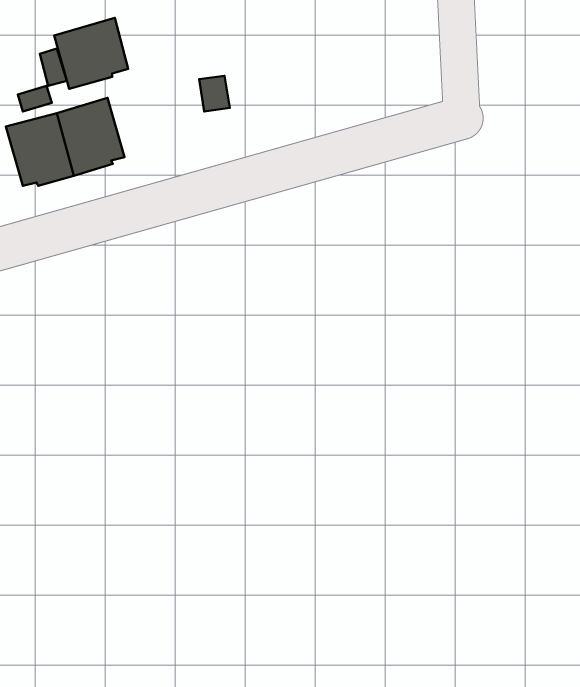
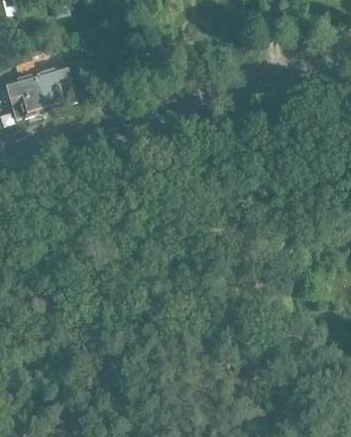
building: [54,18,128,89] -> none

